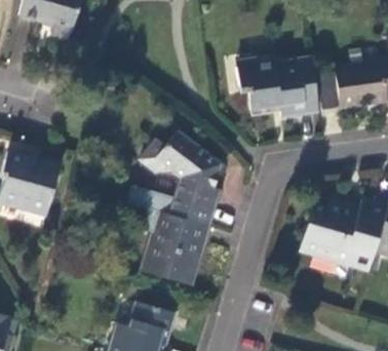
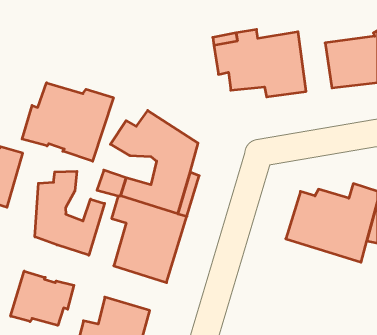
building: none -> [22,83,113,161]
building: none -> [35,171,105,255]
building: none -> [11,271,74,325]

